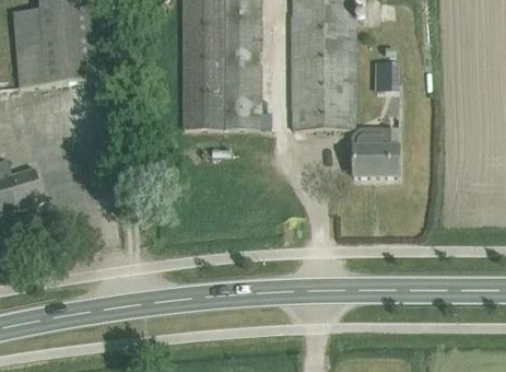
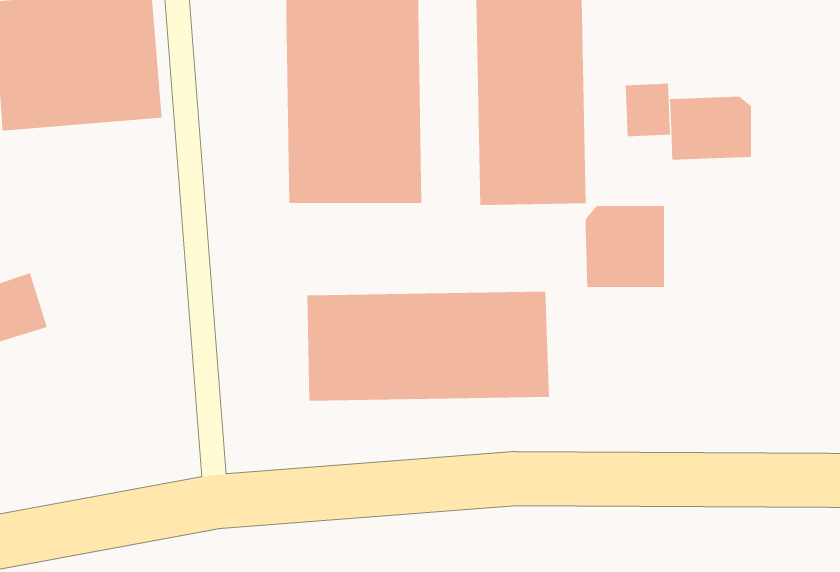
building: none -> [670,96,752,160]
building: none -> [307,291,550,401]

